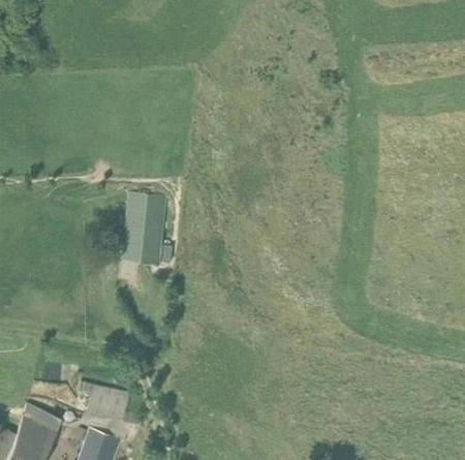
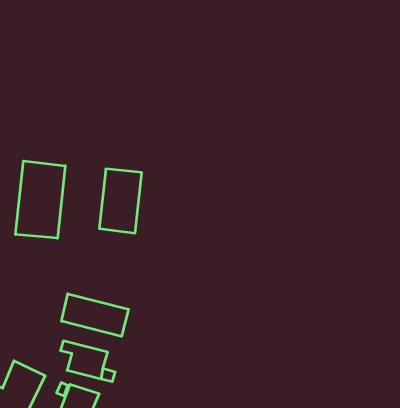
building: none -> [16,161,65,238]
building: none -> [62,294,129,336]

